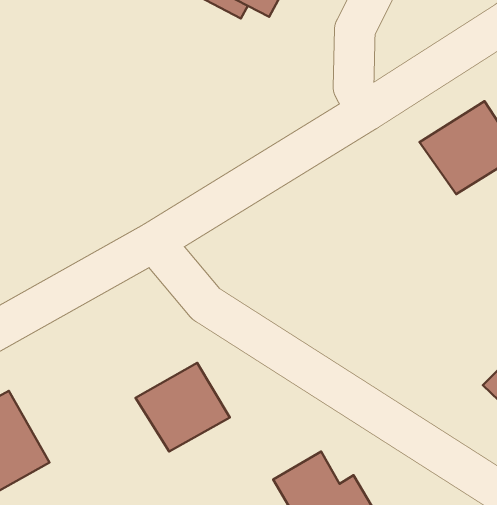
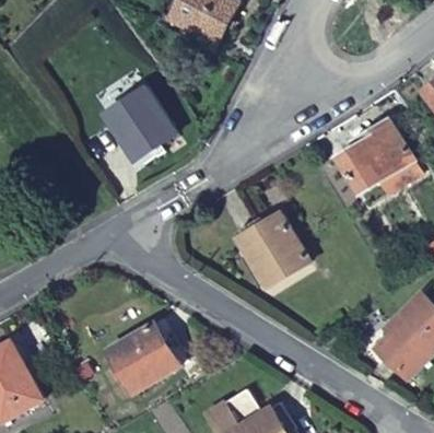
building: none -> [98,89,172,166]
building: none -> [239,210,312,283]

